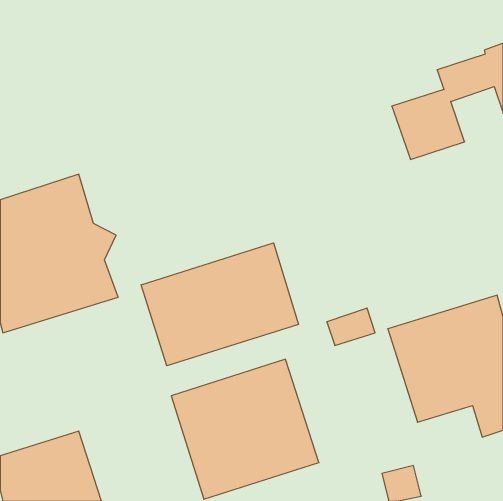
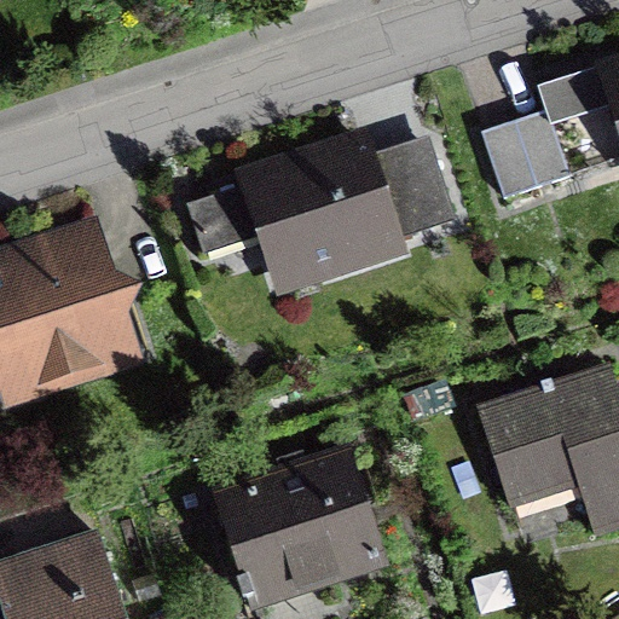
building: none -> [189,127,457,297]
building: [141,243,298,366] -> none

